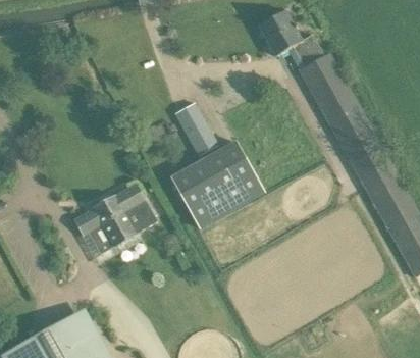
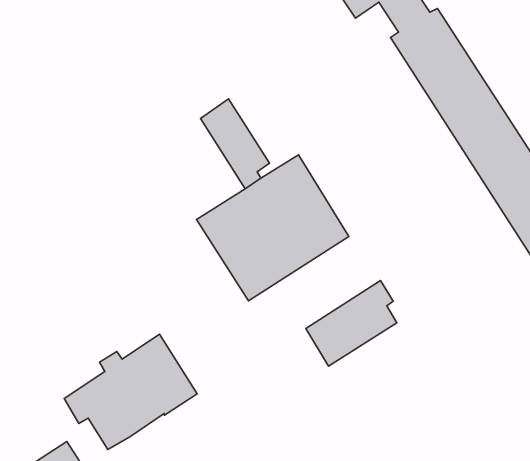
building: [74,183,158,253] -> [64,334,197,449]
building: none -> [306,280,397,366]

